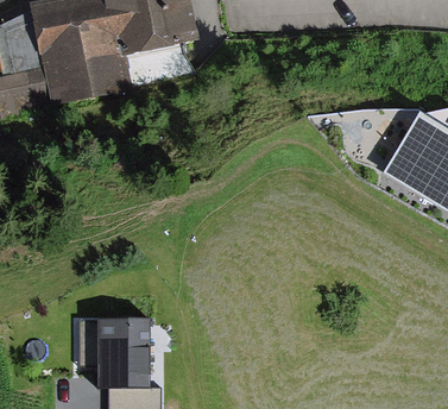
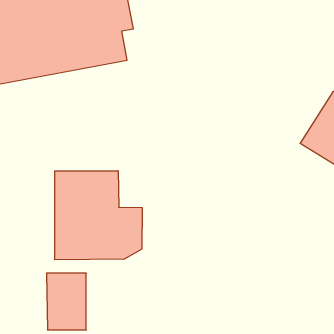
building: none -> [55,171,142,260]

